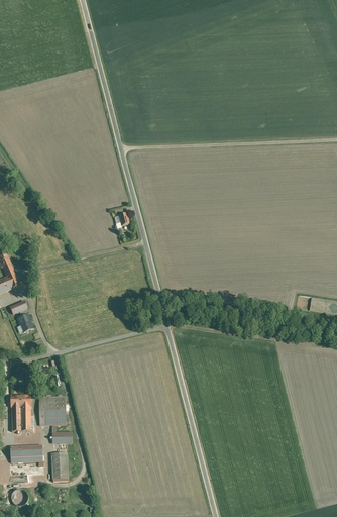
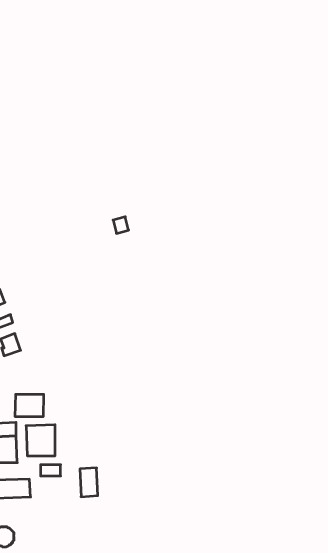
building: none -> [15,394,44,417]
building: [51,452,68,479] -> [80,468,98,497]

